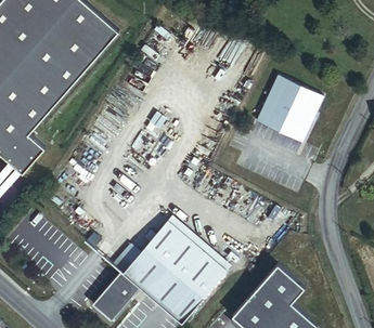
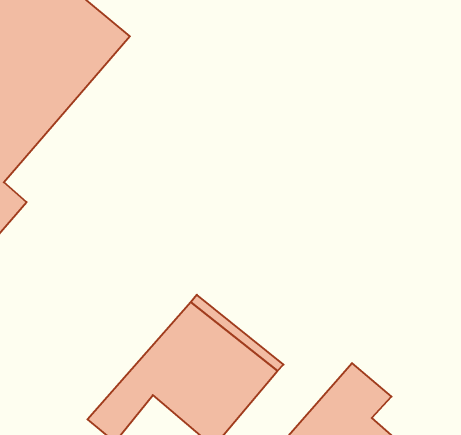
building: [259,78,324,143] -> none

